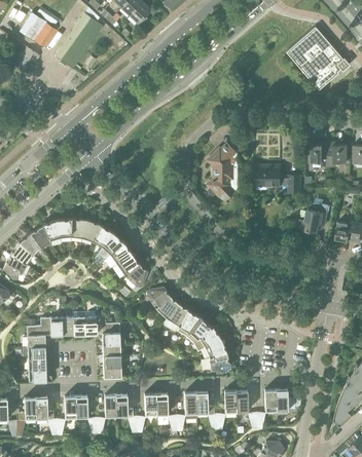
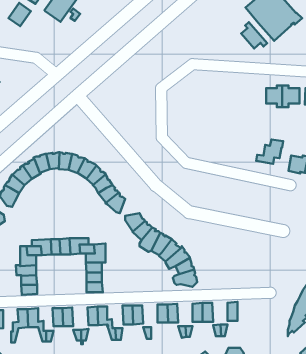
building: none -> [241,22,267,48]
building: [208,144,237,199] -> none
building: [257,165,300,192] -> none
building: [277,389,301,411] -> none

